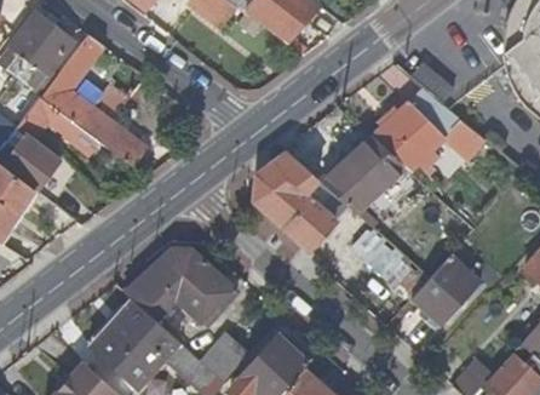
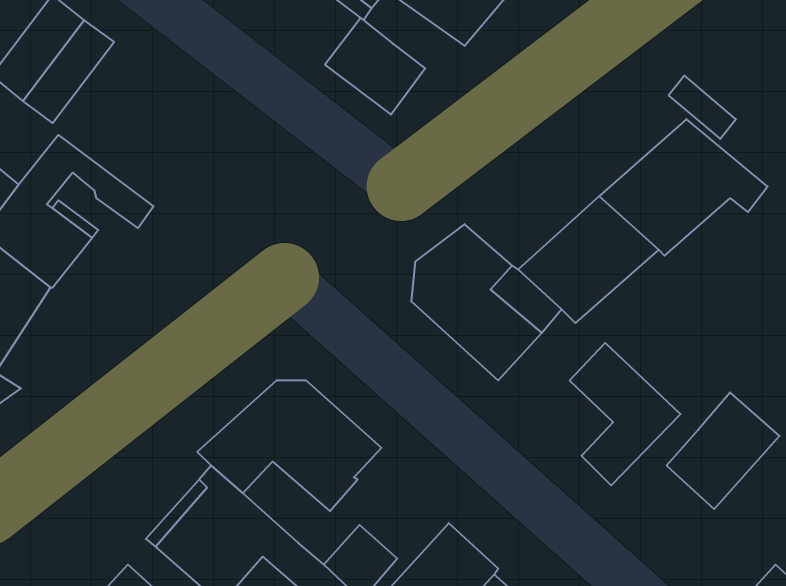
building: none -> [325,18,425,115]
building: [40,35,148,167] -> none

